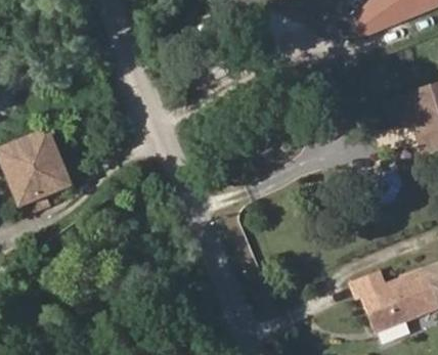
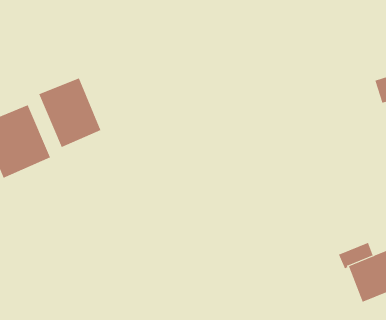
building: none -> [39,77,101,148]

